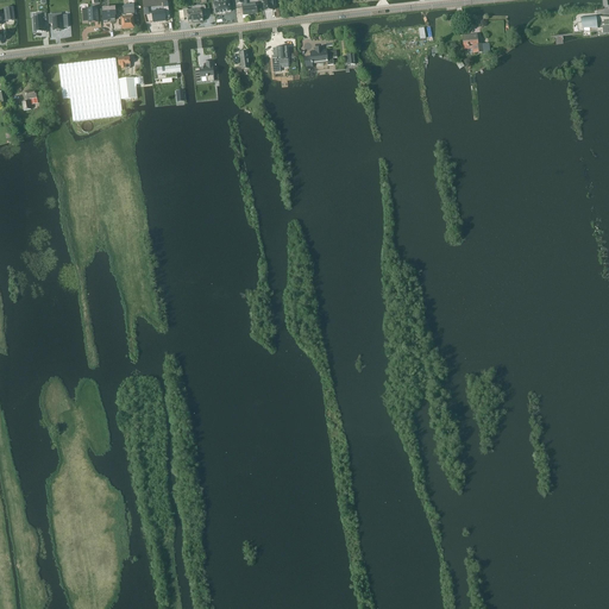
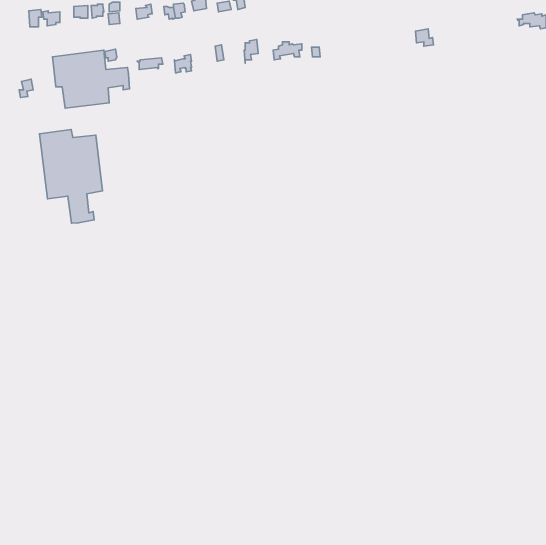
building: none -> [40,129,103,223]

